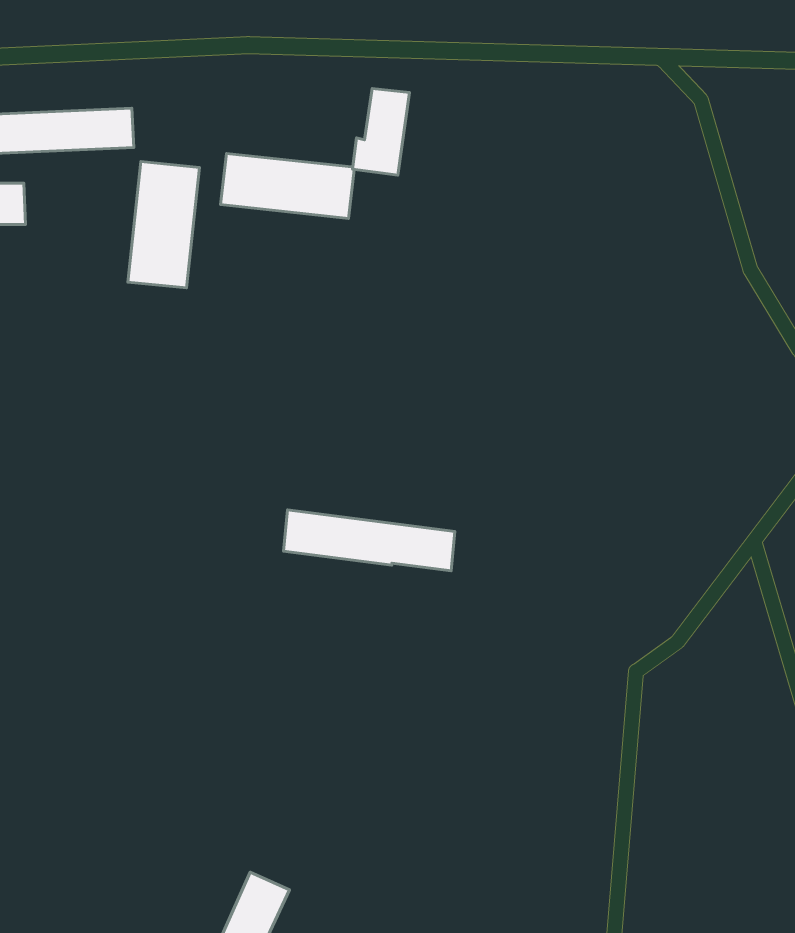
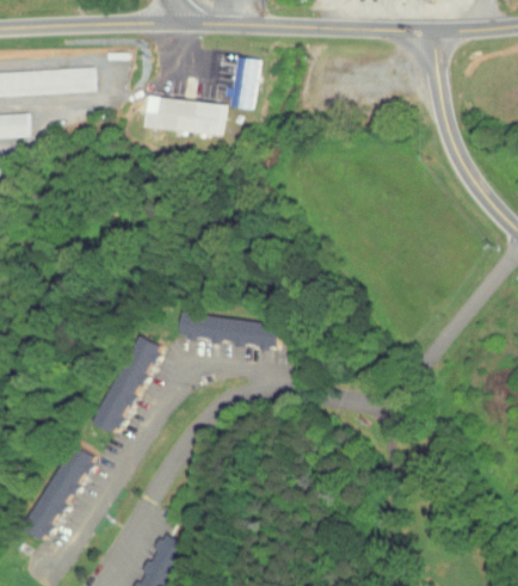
building: [128,162,199,288] -> none
building: none -> [93,335,161,434]
building: none -> [29,446,93,541]

